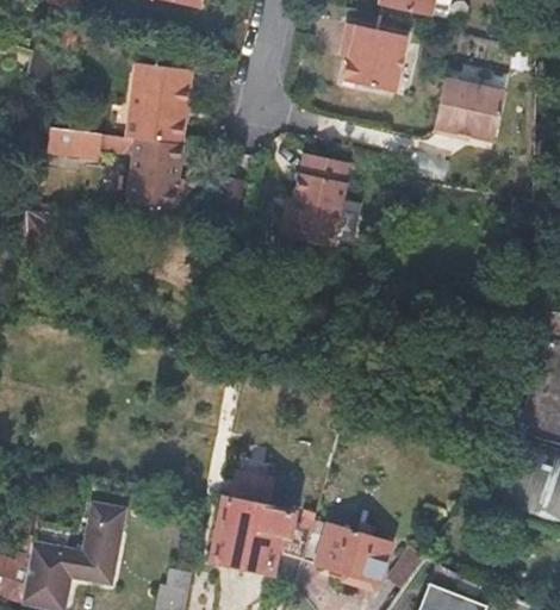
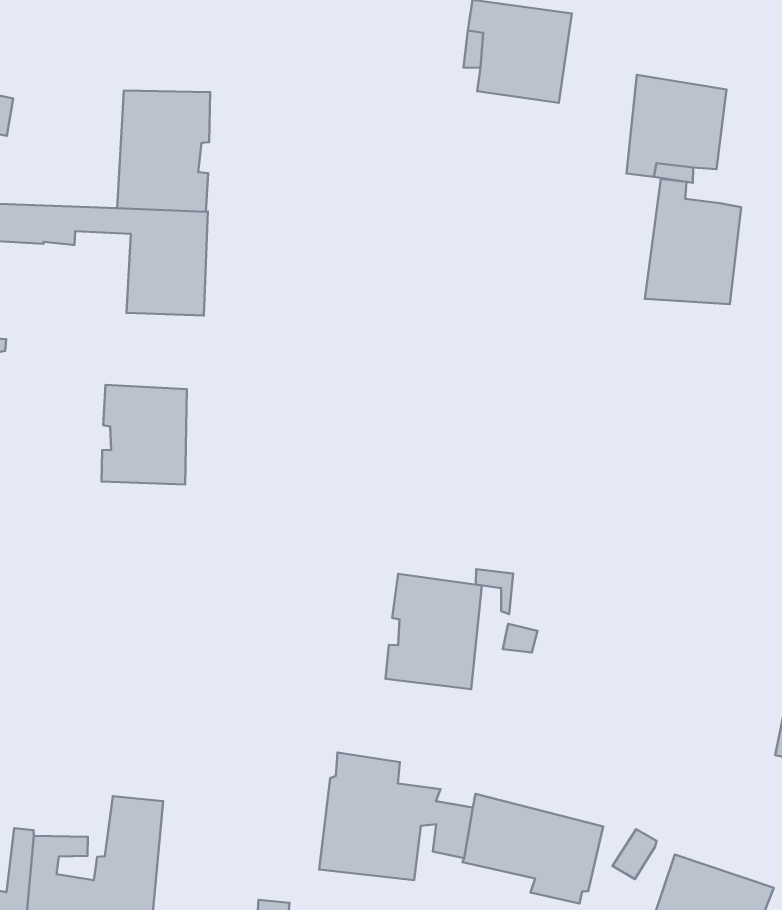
building: none -> [645,179,741,304]
building: [279,150,349,248] -> none
building: none -> [102,385,187,485]
building: none -> [385,574,482,689]

